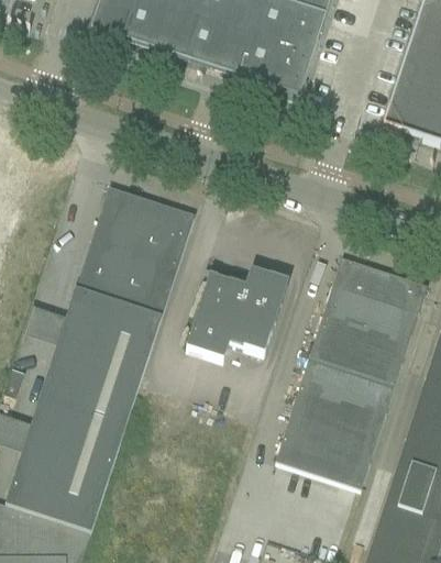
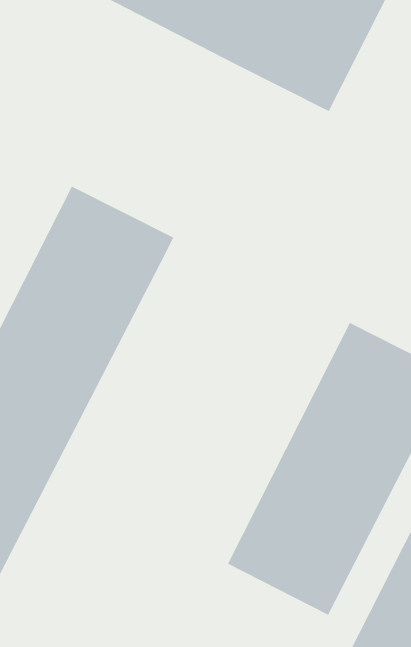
building: [187,268,287,358] -> none

